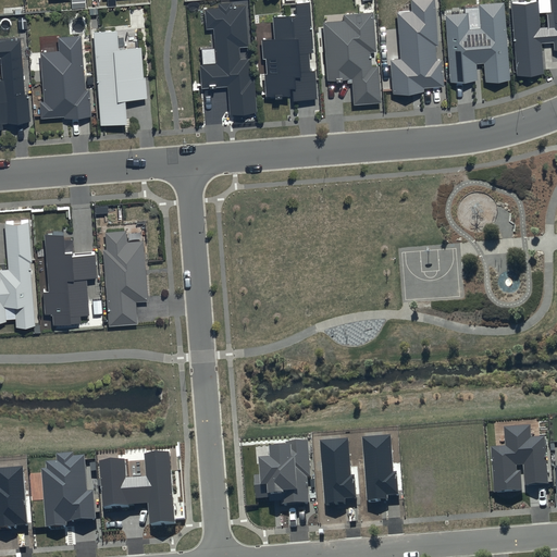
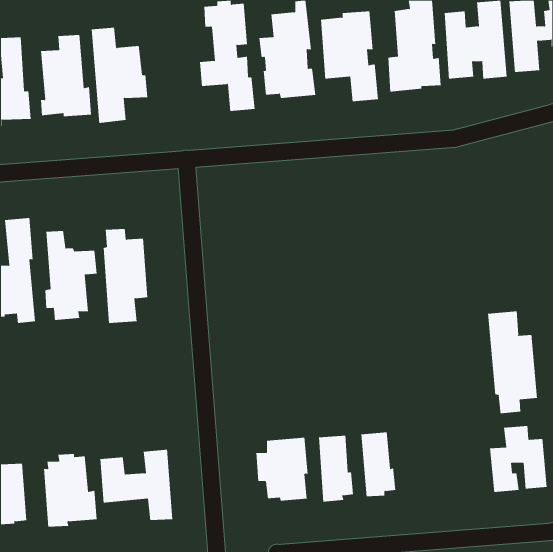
building: none -> [488,311,537,414]

